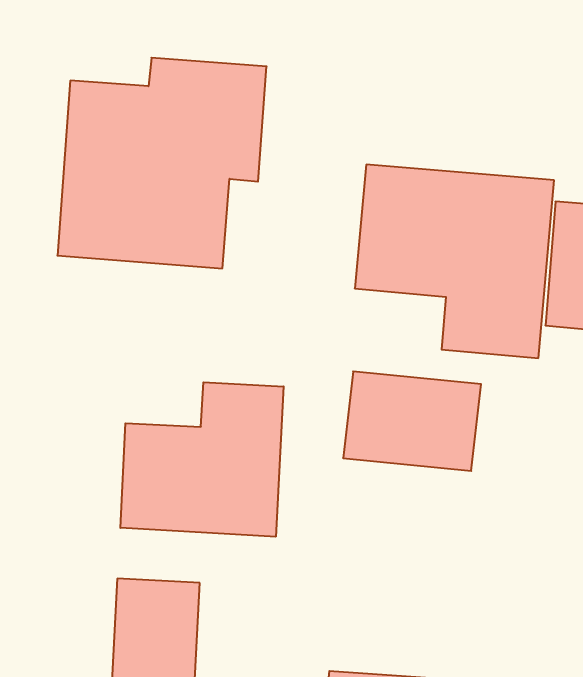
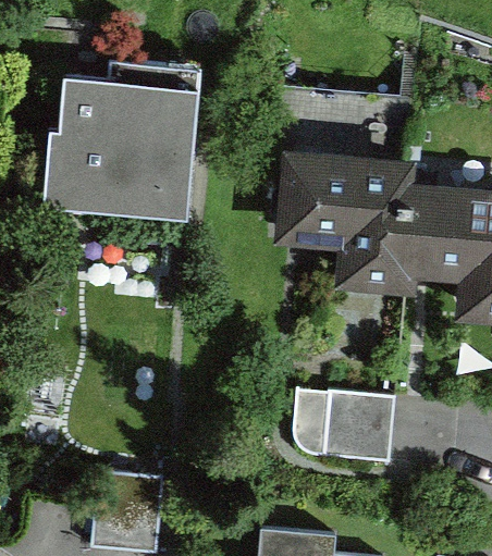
building: [343,371,481,471] -> [287,386,393,462]
building: [120,382,284,537] -> none

